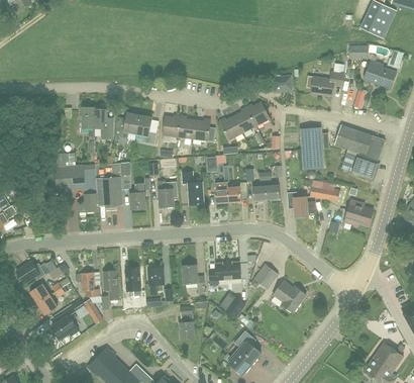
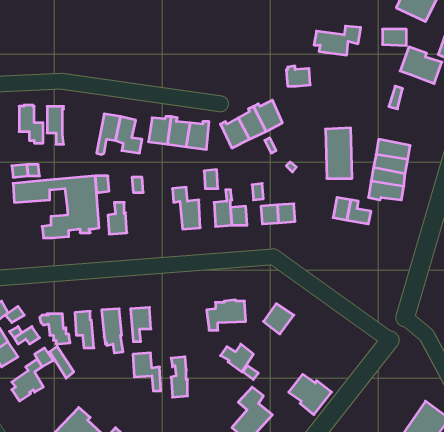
building: [306,72,343,95] -> [314,26,361,55]
building: [93,107,112,137] -> [19,105,43,143]
building: [157,180,176,206] -> none
building: [287,191,315,216] -> none
building: [343,199,373,225] -> none
building: [182,264,204,294] -> [133,353,161,391]
building: [272,280,306,312] -> [289,374,332,415]

